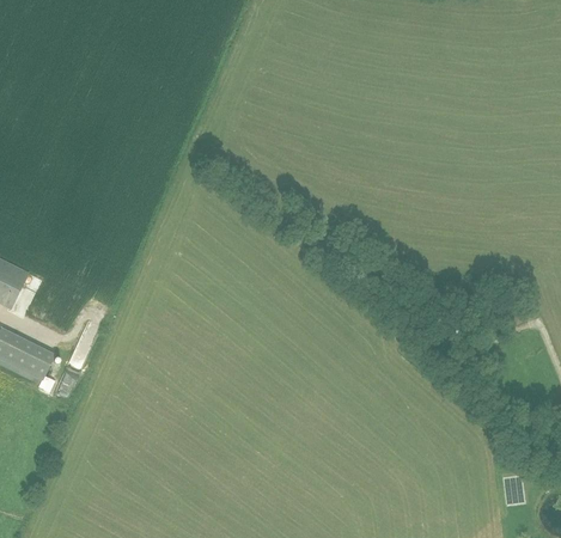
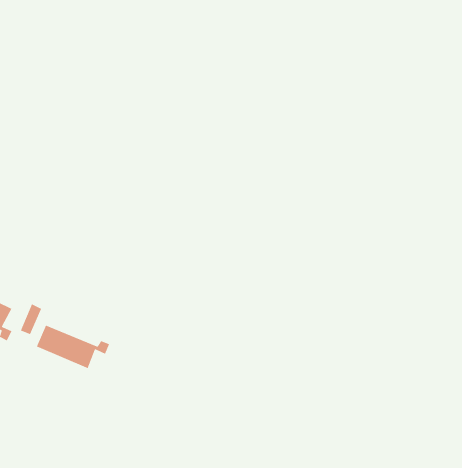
building: none -> [36,324,110,369]

